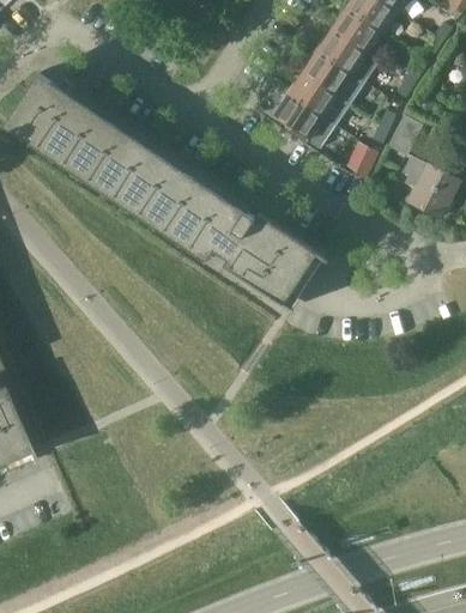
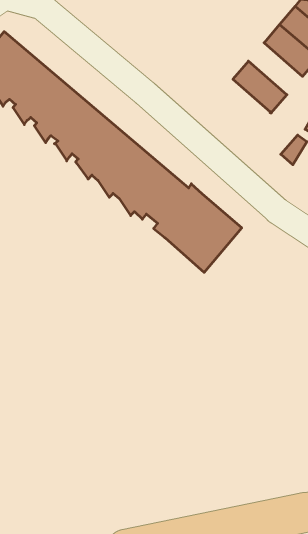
building: [303,51,363,104] -> none
building: [274,95,333,148] -> none

